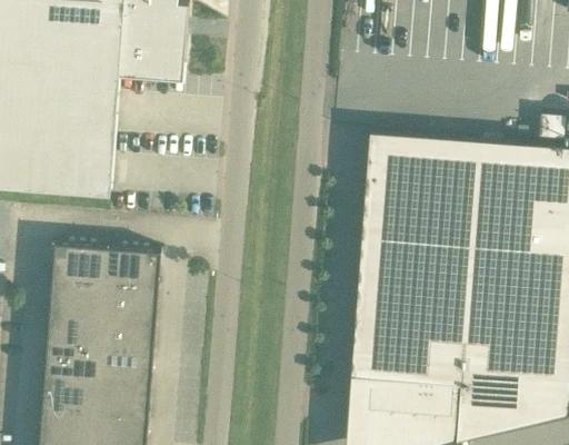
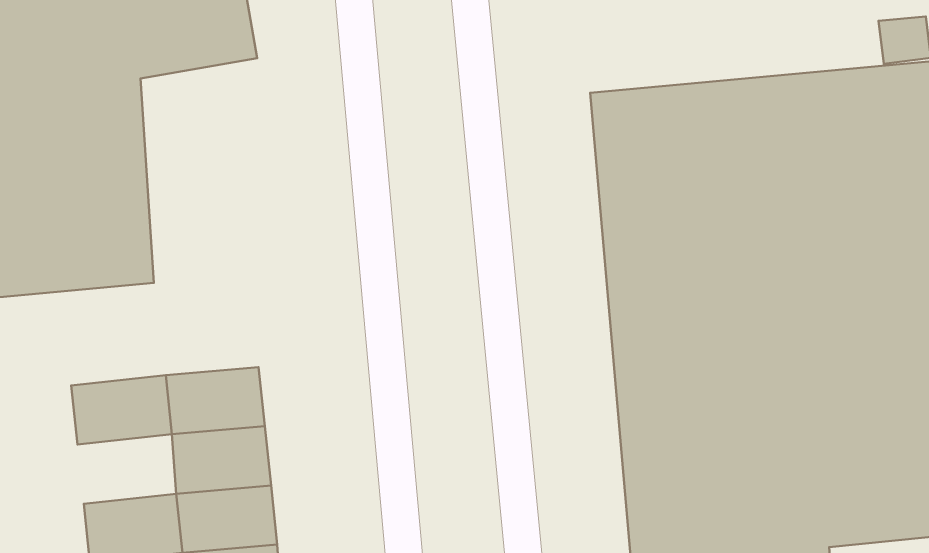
building: [51,278,107,315] -> none

